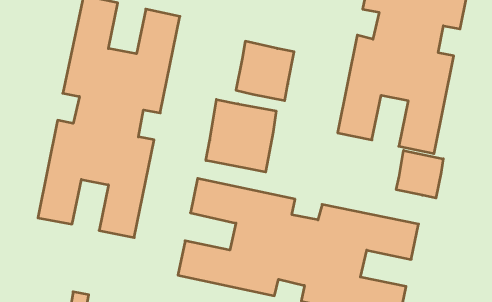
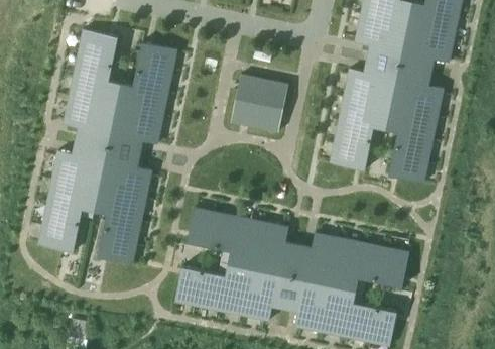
building: [206,99,276,172] -> none
building: [396,150,443,198] -> none

